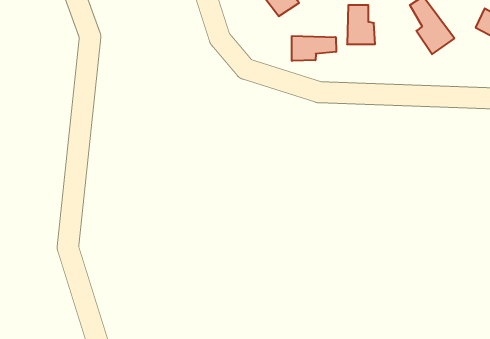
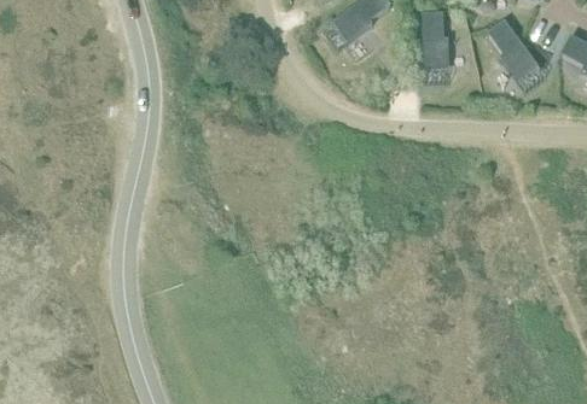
building: [292,36,336,61] -> none

